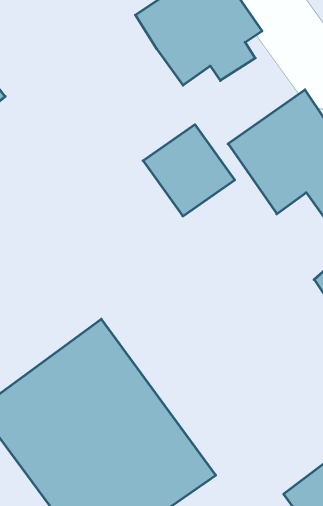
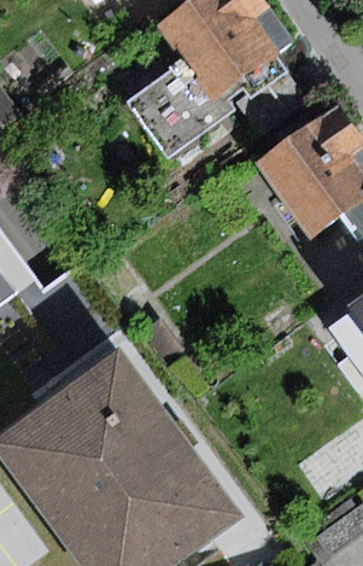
building: [143,125,235,216] -> [125,63,223,161]

